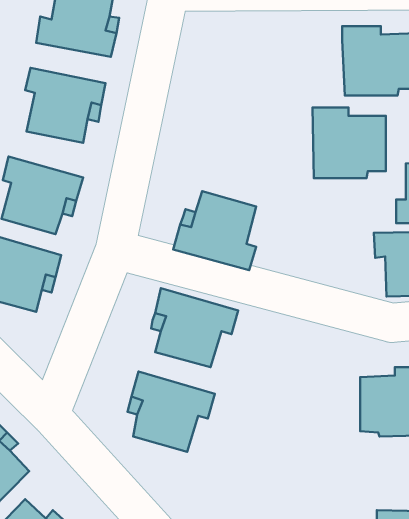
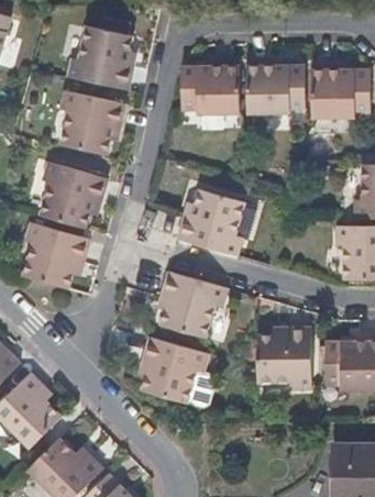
building: none -> [179,57,238,113]
building: [312,108,386,178] -> [244,57,302,113]
building: none -> [255,327,307,388]

